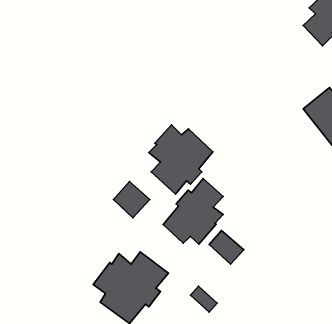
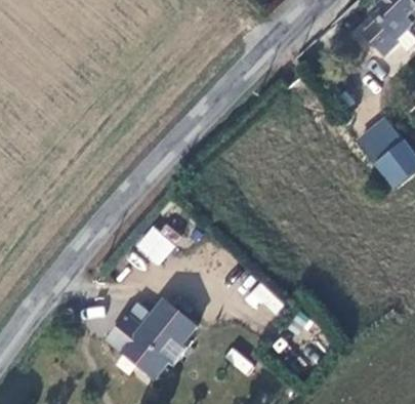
building: [149,125,213,194] -> none
building: [163,178,223,244] -> none

